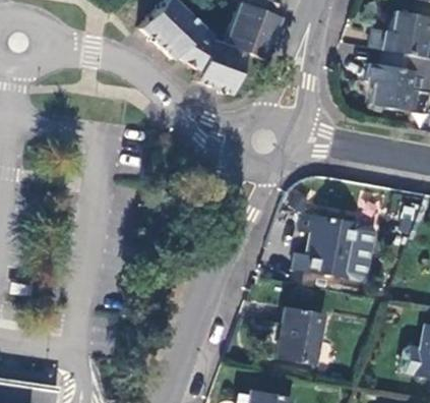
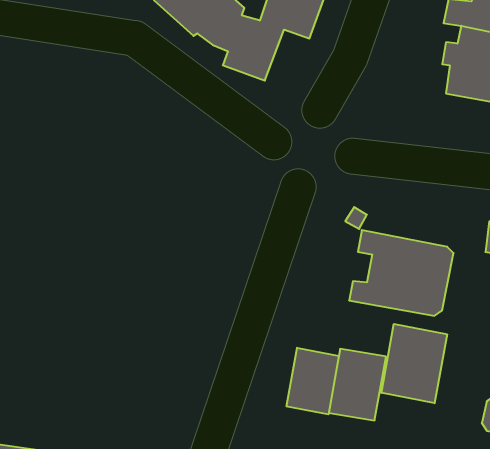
building: none -> [381,324,447,403]
building: none -> [287,348,339,414]

